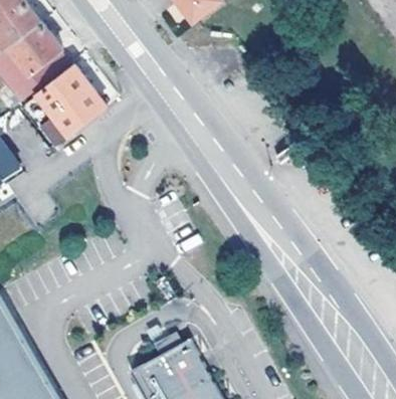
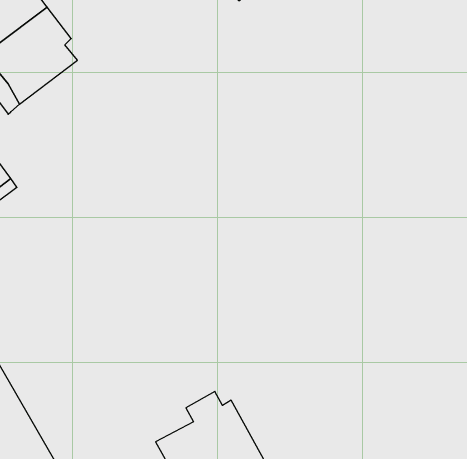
building: [35,66,106,146] -> none

